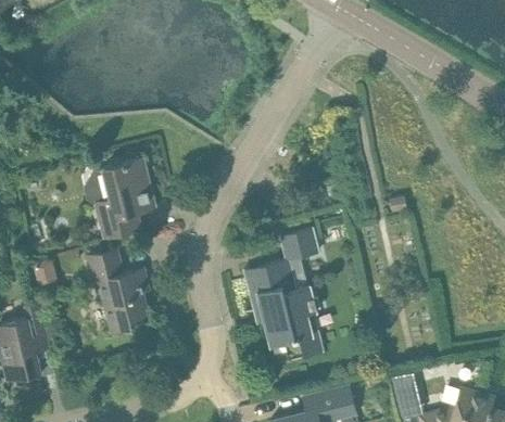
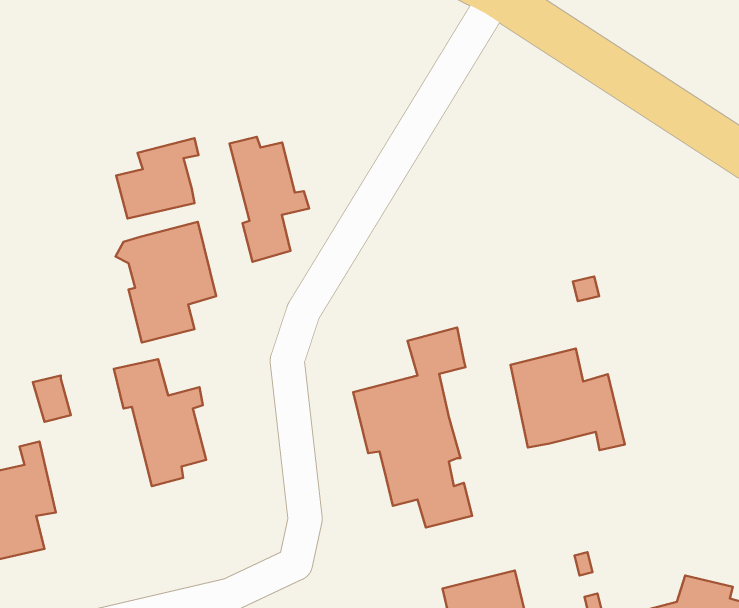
building: none -> [229,137,309,262]
building: none -> [116,138,198,219]
building: none -> [511,349,625,450]

